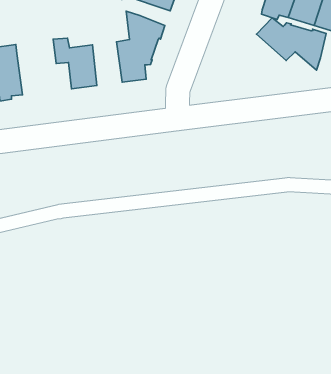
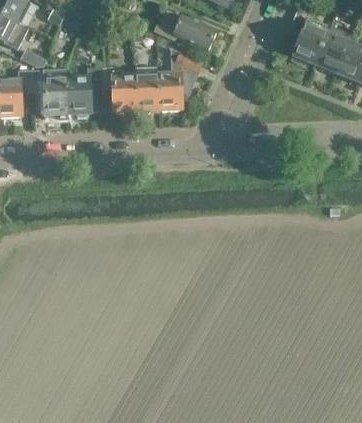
building: [256,18,326,70] -> none
building: none -> [135,64,159,114]
building: none -> [66,66,101,117]

